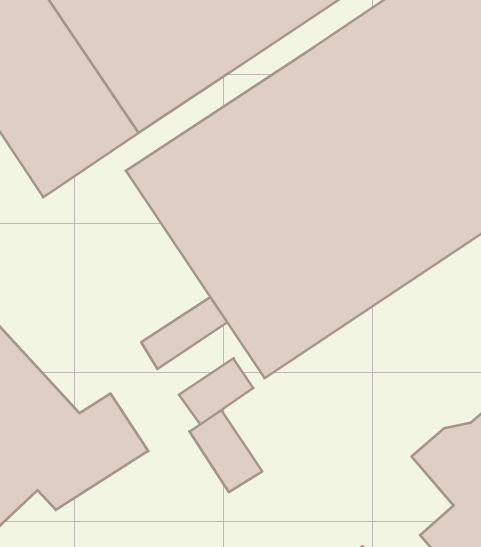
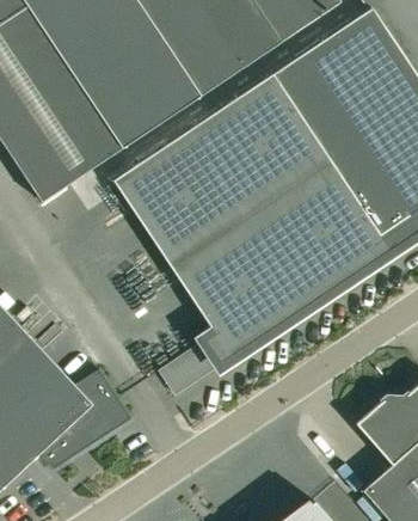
building: [141,297,227,369] -> none
building: [189,410,262,492] -> none

